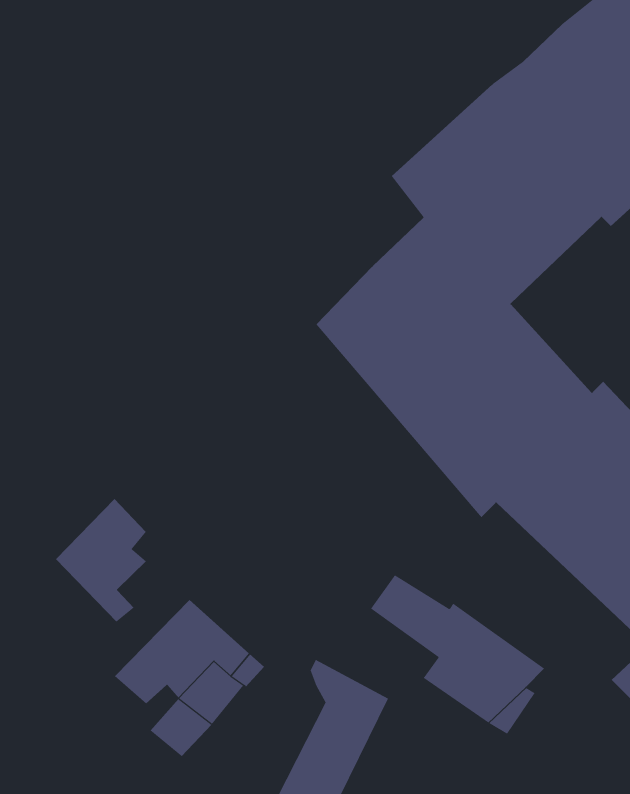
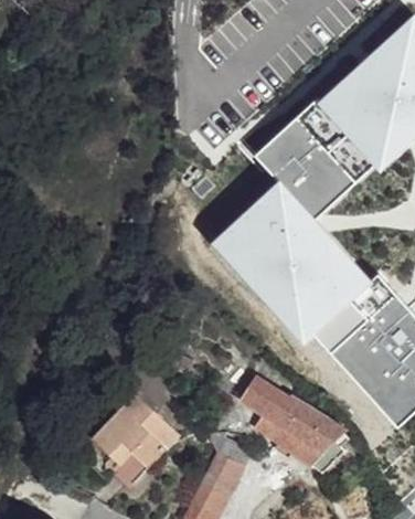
building: [55,498,147,623] -> none

